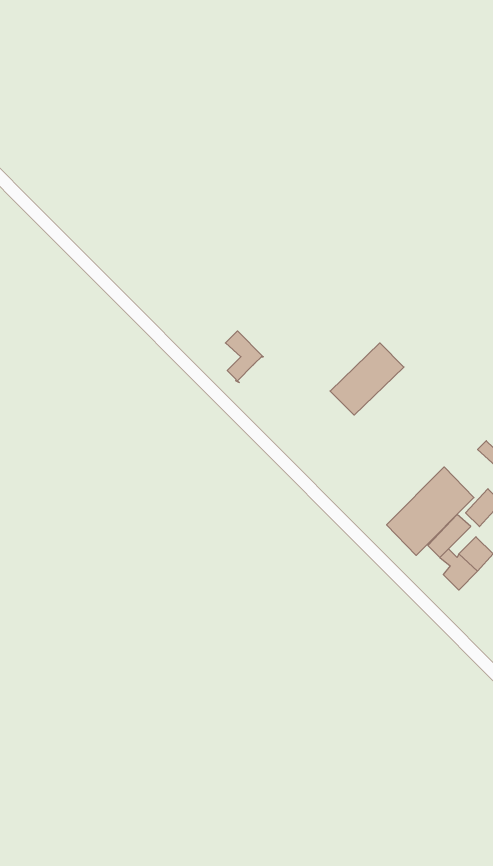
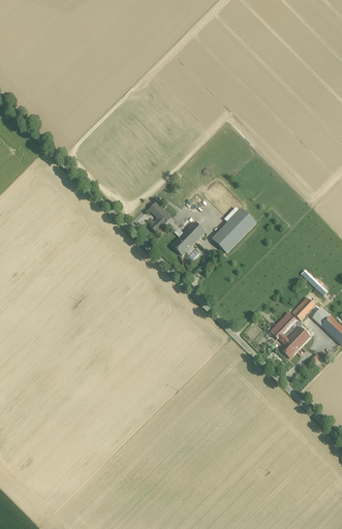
building: none -> [164,221,205,254]
building: [387,467,474,555] -> none

